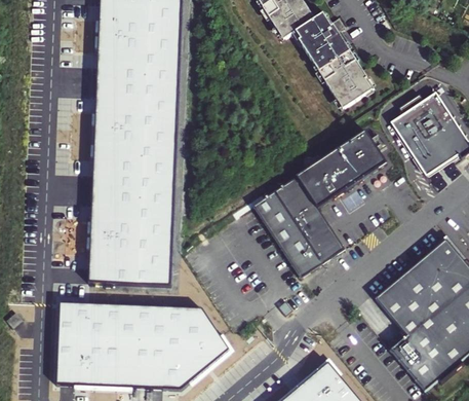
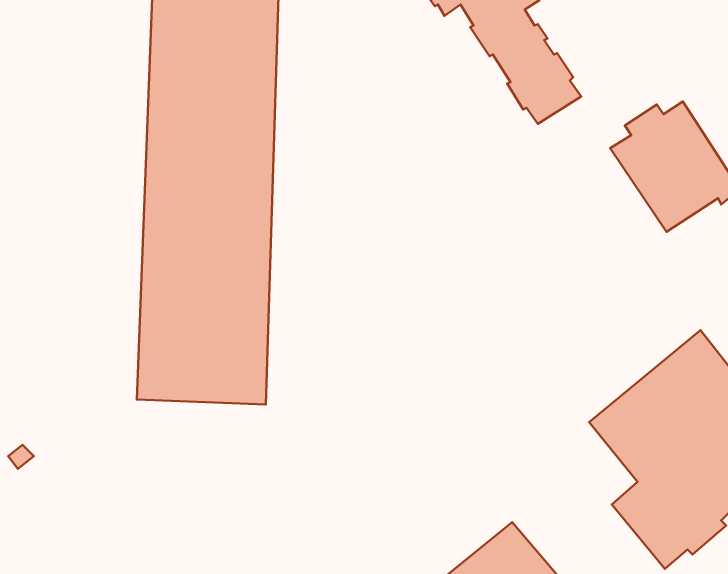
building: [255,129,389,277] -> none
building: [55,300,229,388] -> none

